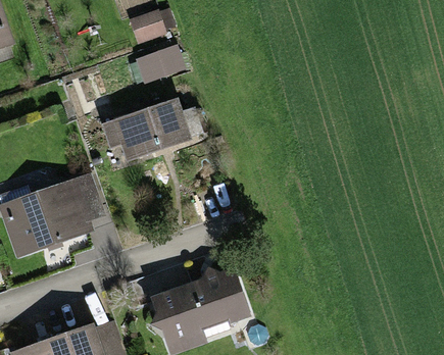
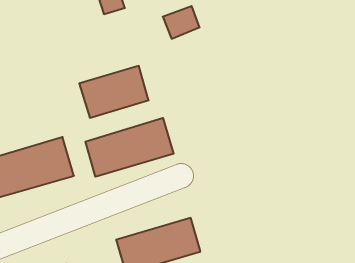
building: [146,43,189,81] -> [163,6,200,39]
building: none -> [85,118,174,177]

